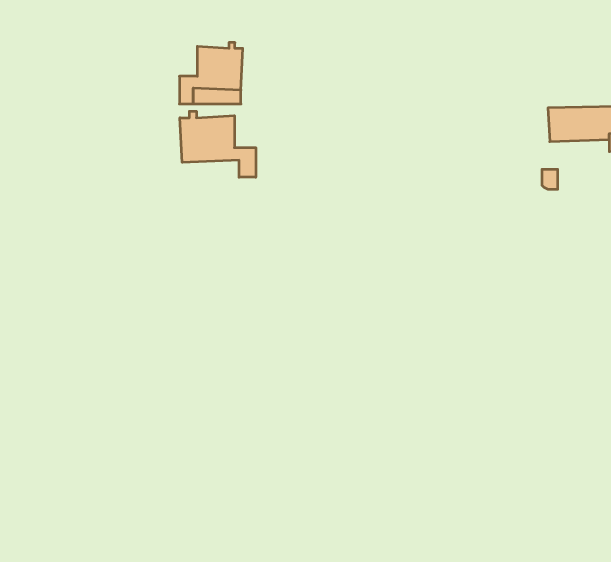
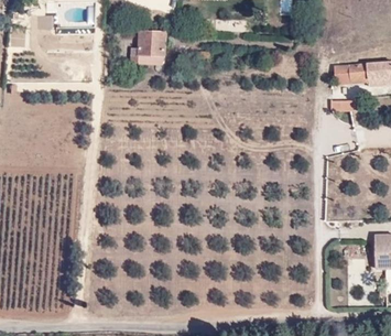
building: [180,111,256,177] -> none

